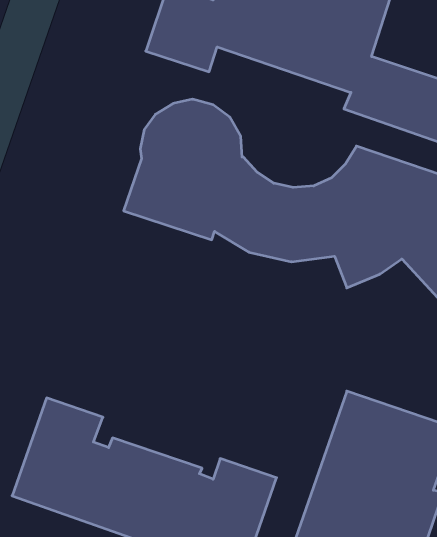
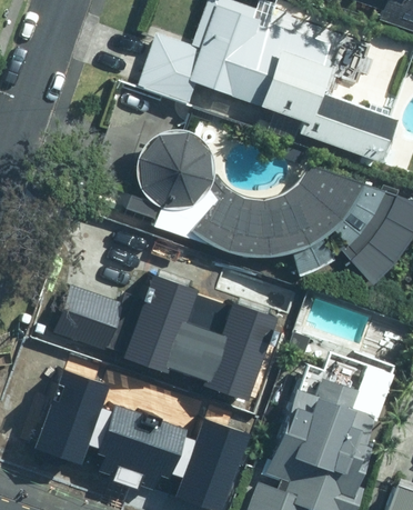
building: none -> [125,272,275,398]
building: none -> [57,283,124,348]

